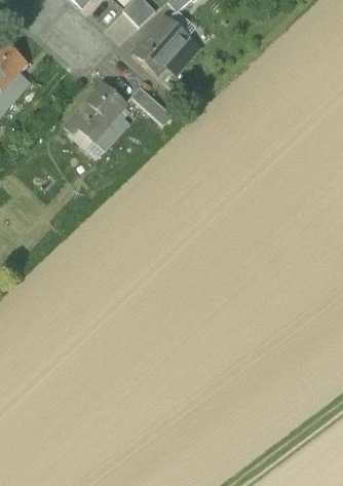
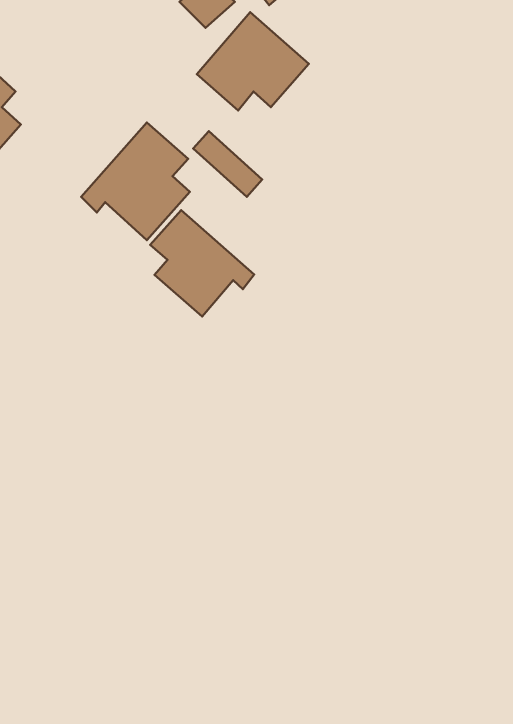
building: none -> [150,210,254,317]

